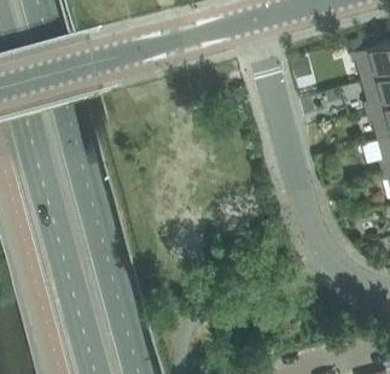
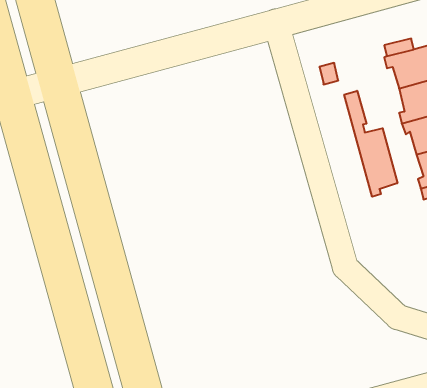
building: none -> [344,91,397,197]

